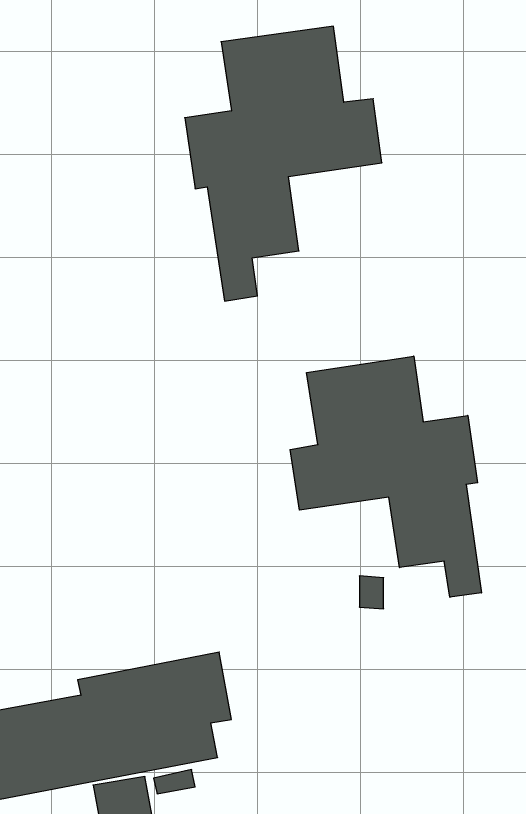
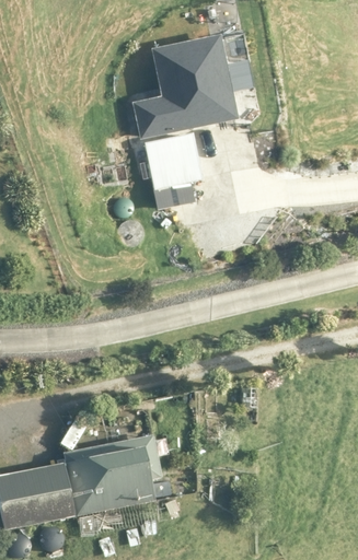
building: [290,356,481,597] -> none

